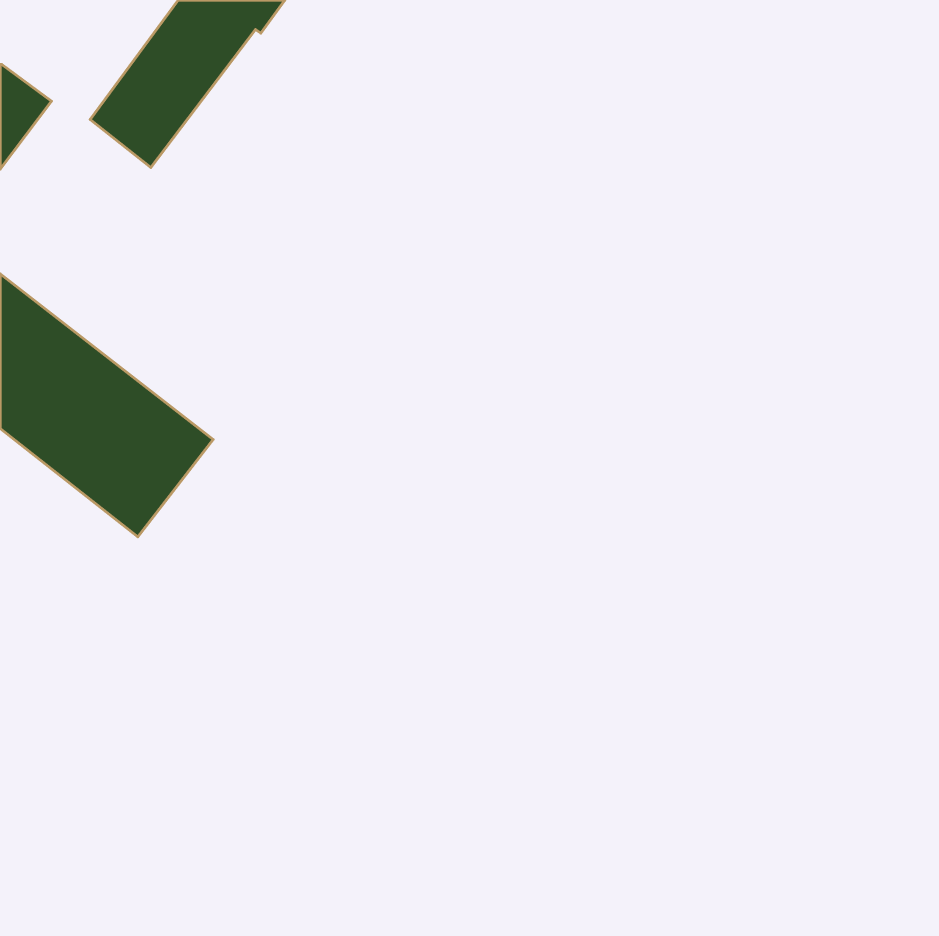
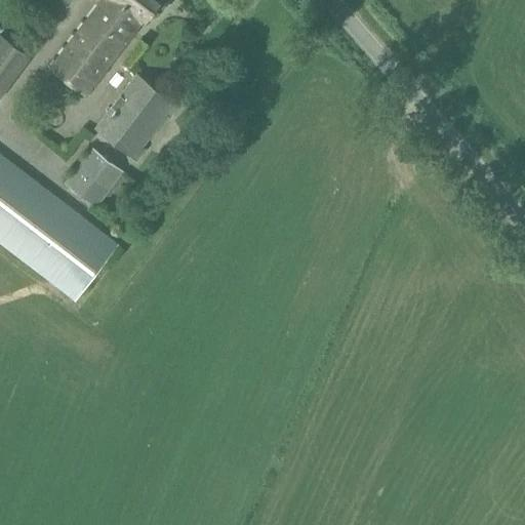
building: none -> [94,74,175,160]
building: none -> [66,149,123,207]

